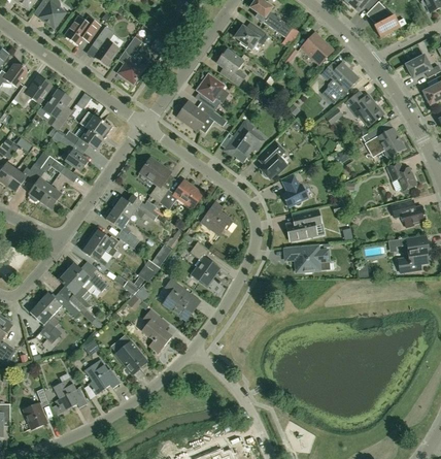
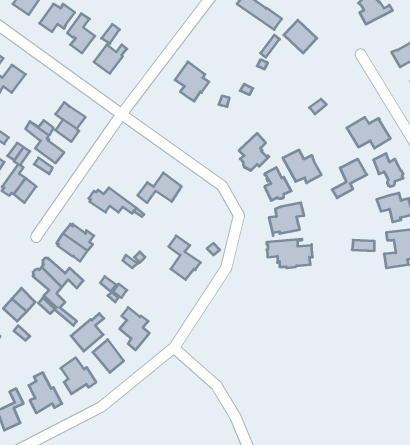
building: [234,25,269,48] -> none
building: [216,48,245,85] -> none
building: [321,61,358,97] -> none
building: [44,90,71,129] -> none
building: [345,91,384,125] -> none
building: [177,101,227,131] -> none
building: [225,120,262,162] -> none
building: [140,157,171,201] -> none
building: none -> [283,150,321,183]
building: none -> [332,159,367,198]
building: [202,202,233,233] -> none
building: [104,207,137,247] -> none
building: [163,280,195,319] -> none
building: none -> [71,313,104,351]

